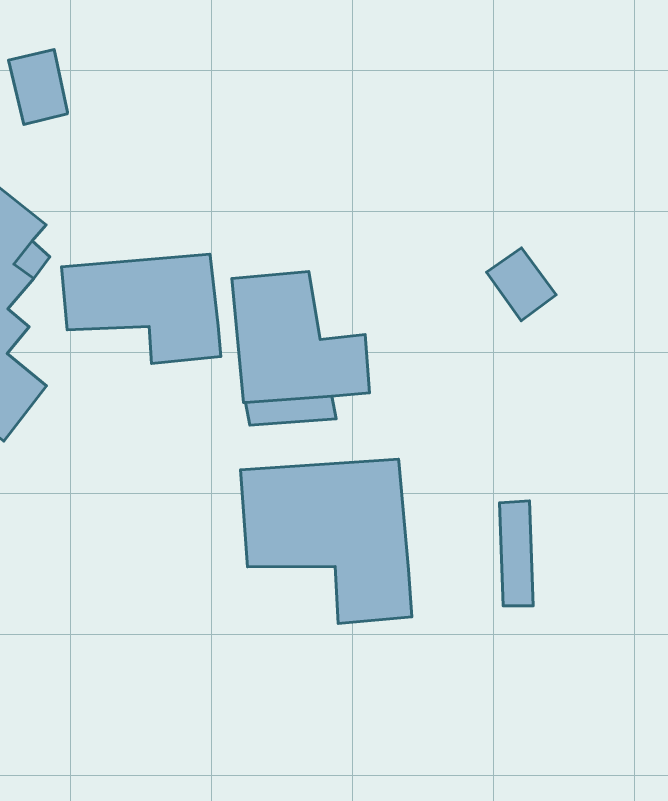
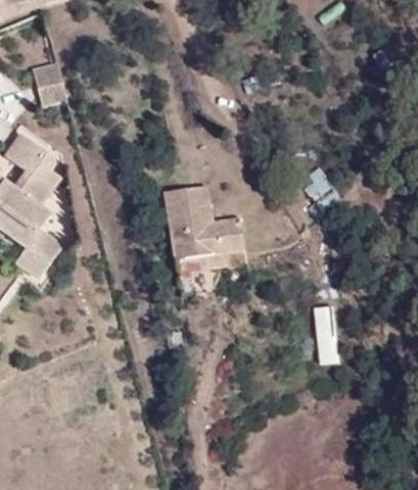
building: [62,254,221,364] -> none
building: [240,459,412,624] -> none

